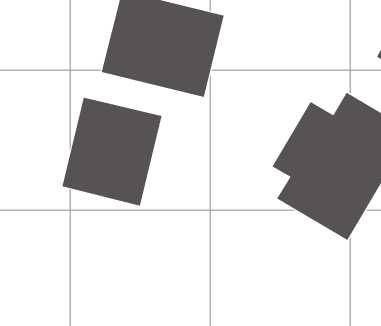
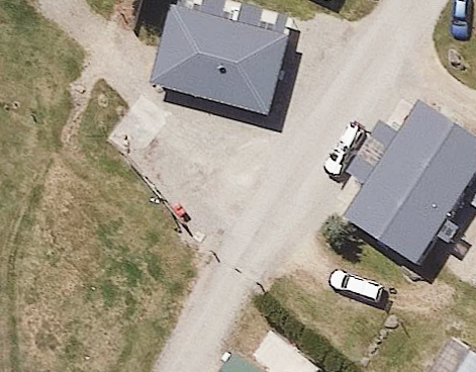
building: [62,97,162,206] -> none

